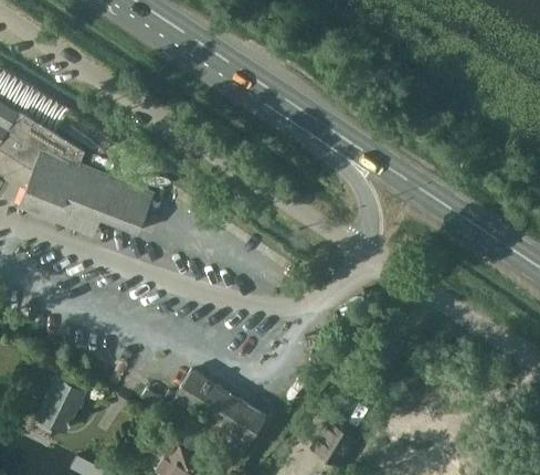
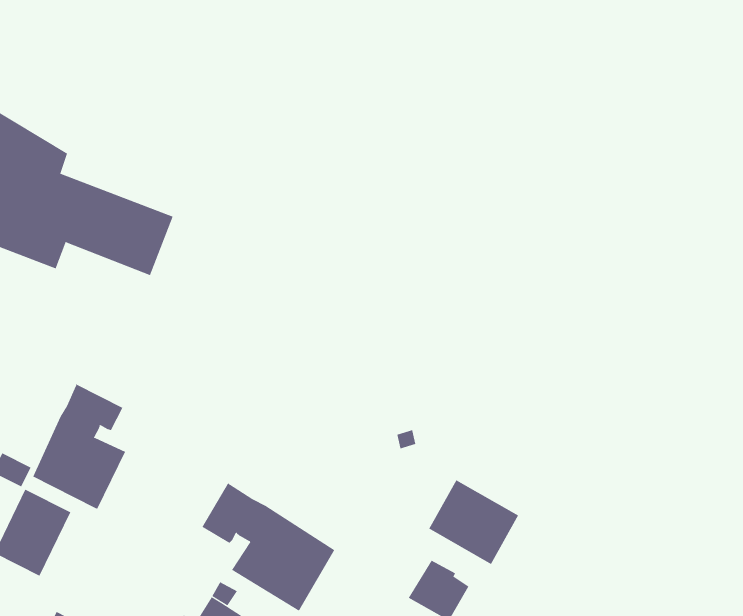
building: none -> [33,384,126,509]
building: none -> [429,479,519,565]

